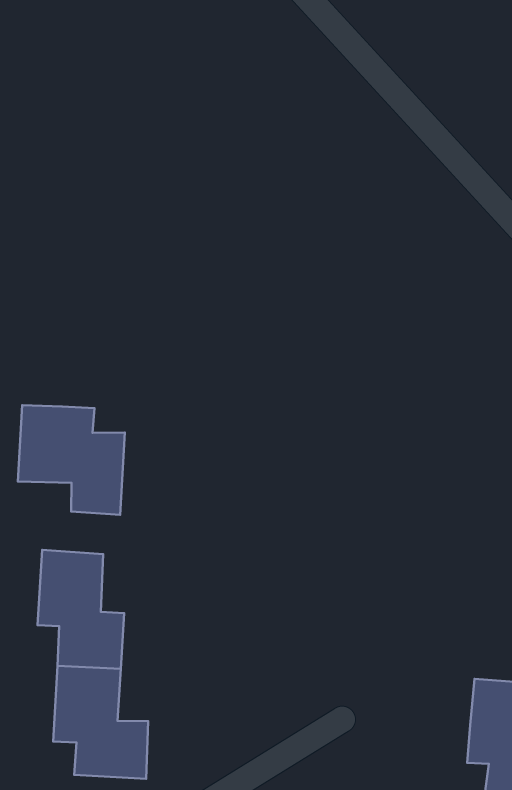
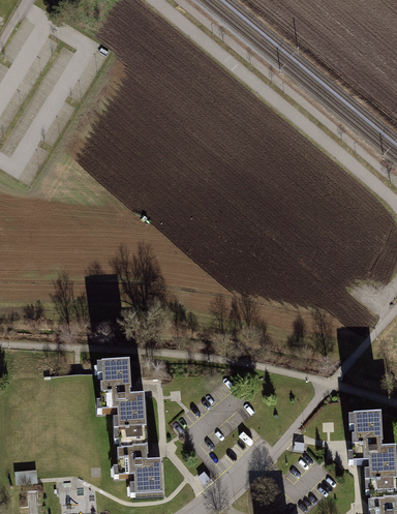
building: [18,405,125,515] -> none

